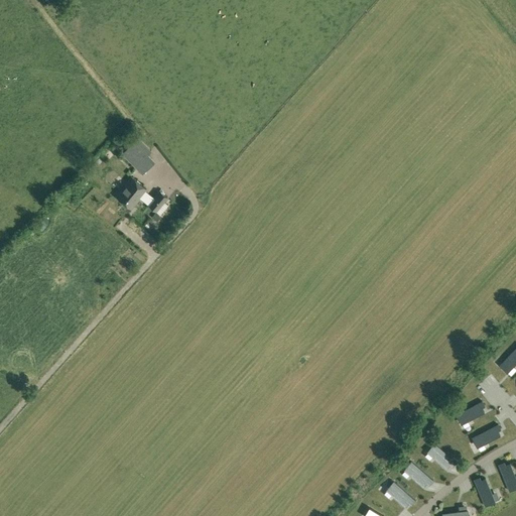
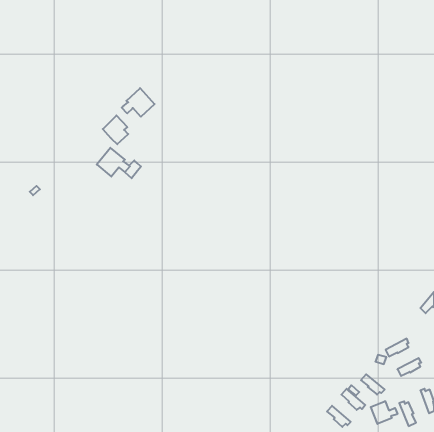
building: none -> [122,88,155,117]
building: none -> [371,401,397,424]

